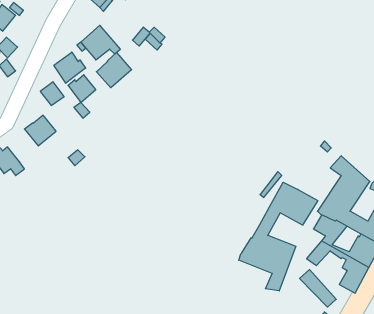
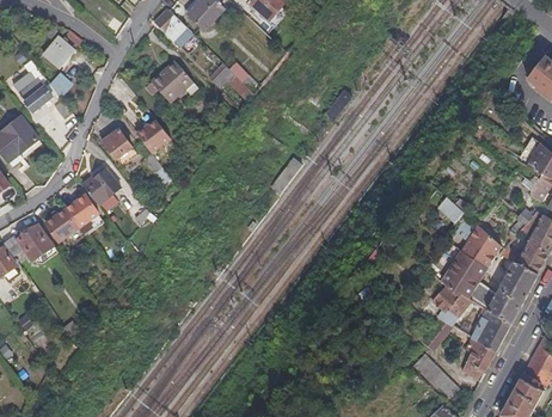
building: [54,52,86,83] -> none
building: [96,52,132,88] -> none
building: none -> [61,191,96,225]
building: [239,182,318,291] -> none

